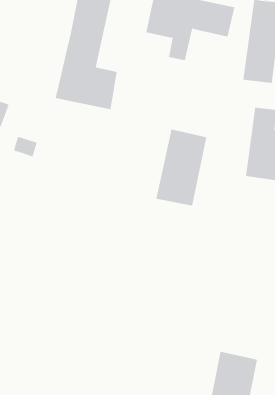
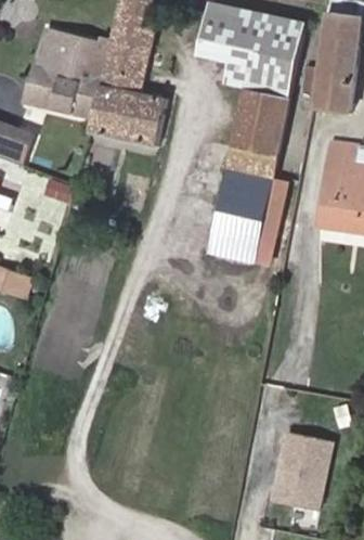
building: none -> [29,37,107,117]
building: none -> [228,48,296,177]

